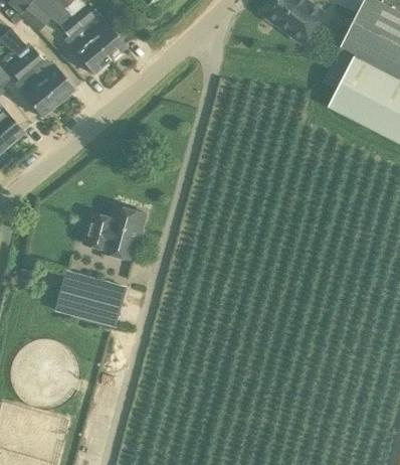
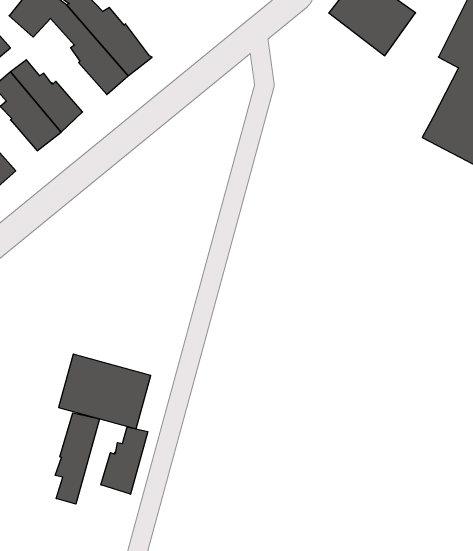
building: [85,204,148,260] -> none
building: none -> [55,413,99,504]
building: none -> [101,427,148,494]

